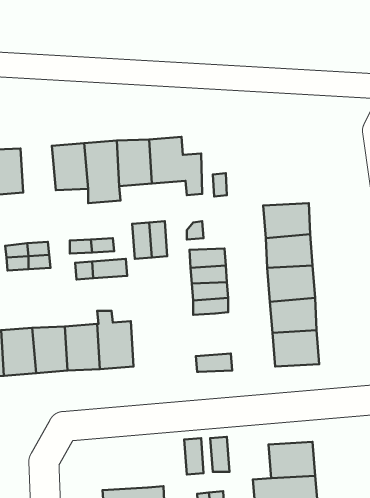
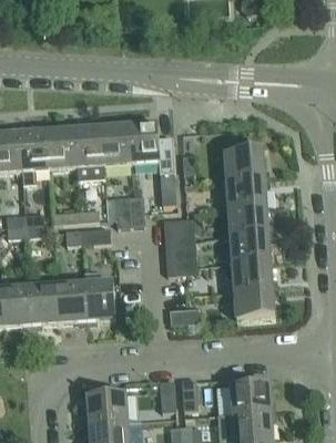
building: none -> [19,130,49,183]
building: none -> [224,148,265,181]
building: none -> [86,391,128,423]

